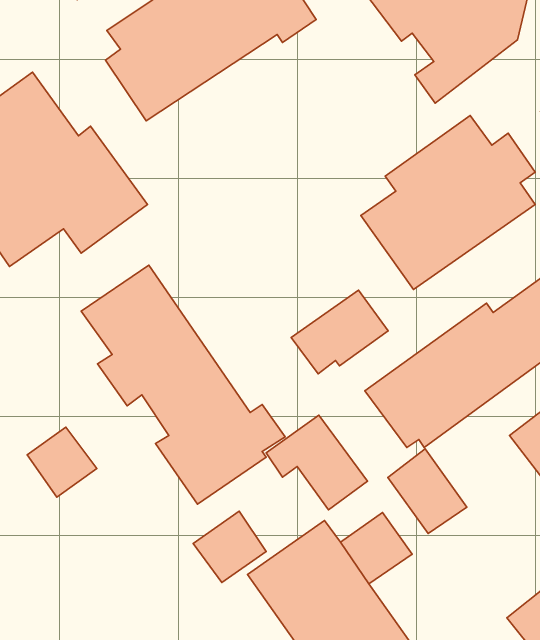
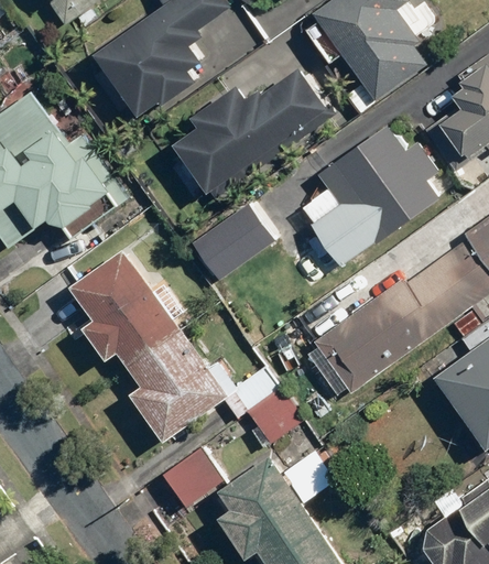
building: none -> [166,65,336,207]
building: [291,290,388,374] -> [193,206,272,274]
building: [27,427,97,497] -> none
building: [388,449,467,534] -> none

